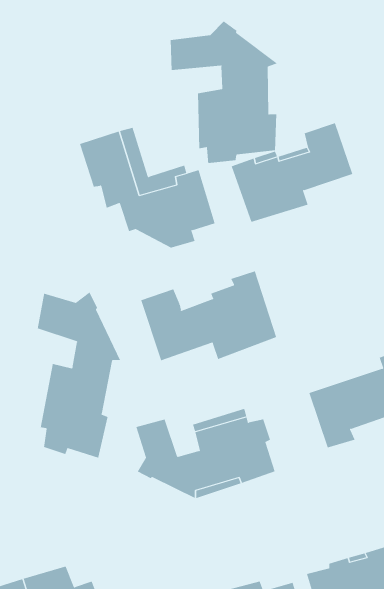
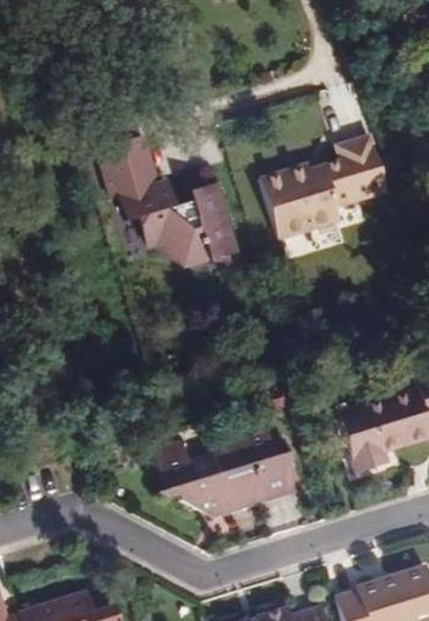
building: [170,20,278,164] -> none
building: [141,270,277,361] -> none
building: [37,291,121,458] -> none

